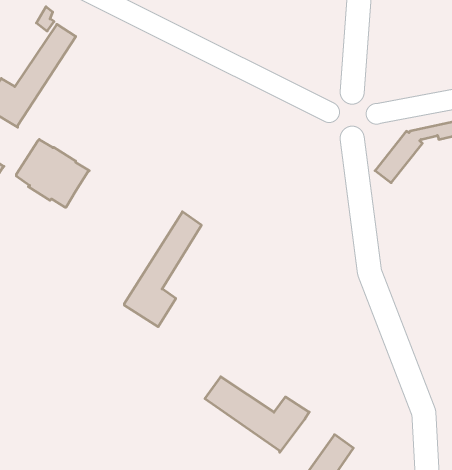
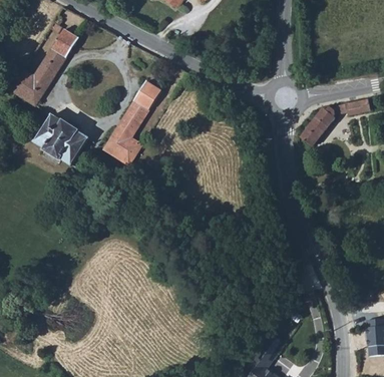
building: [124,212,201,327] -> [103,80,160,165]
building: [205,377,309,452] -> none

